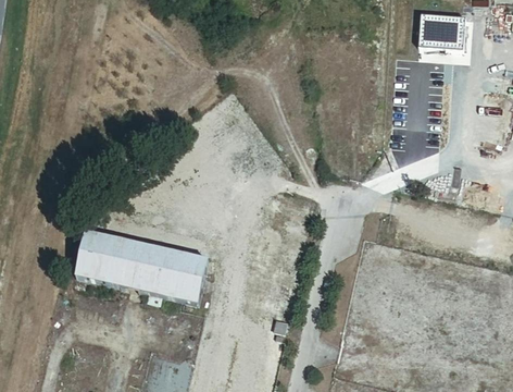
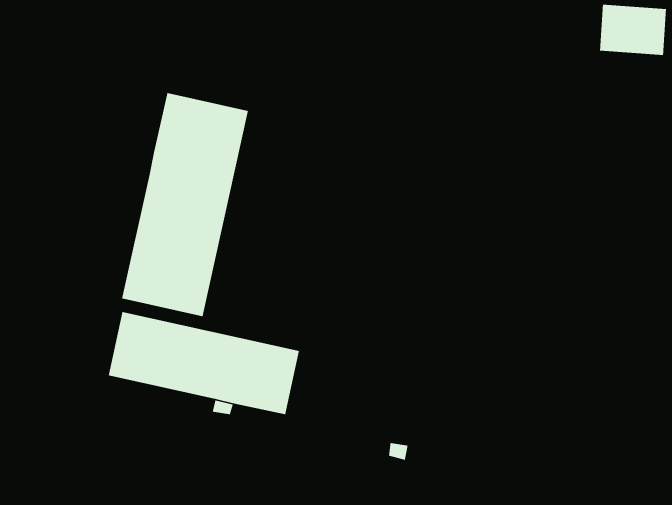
building: none -> [121,92,249,317]

